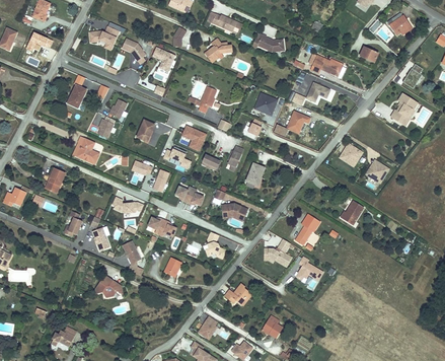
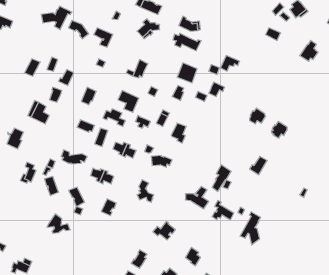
building: [312,56,347,77] -> [173,33,201,51]
building: [390,92,418,126] -> none
building: none -> [240,212,260,245]

